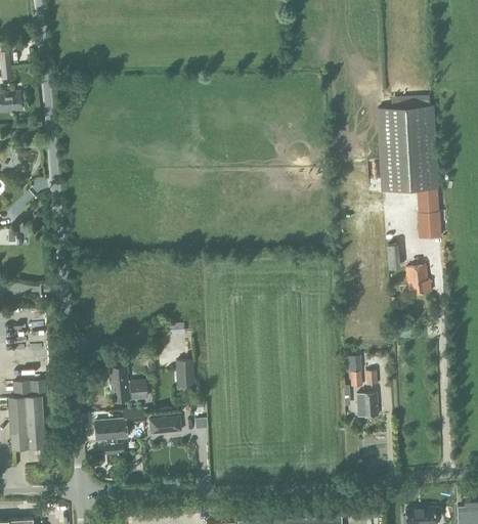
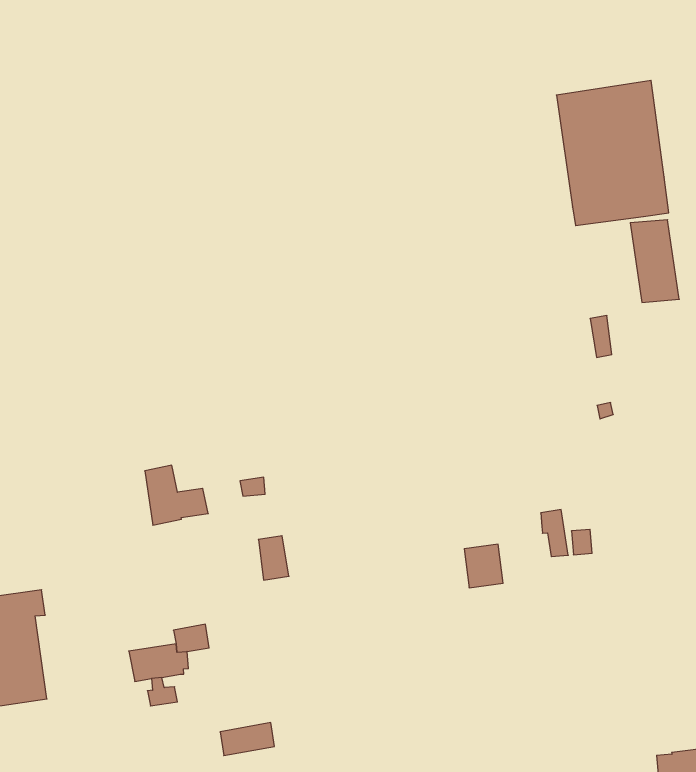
building: [405,266,431,295] -> none
building: [110,366,145,401] -> [145,465,208,525]
building: [356,393,378,418] -> [464,544,503,588]
building: [149,417,181,434] -> [220,723,274,756]

